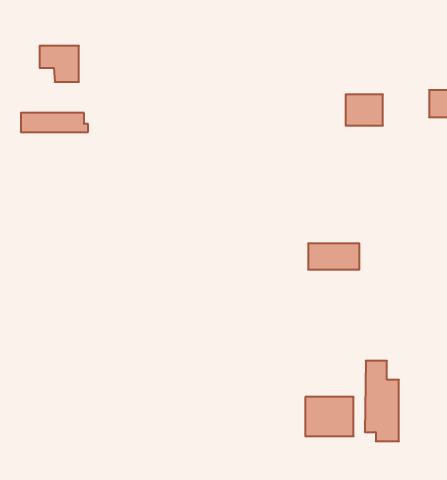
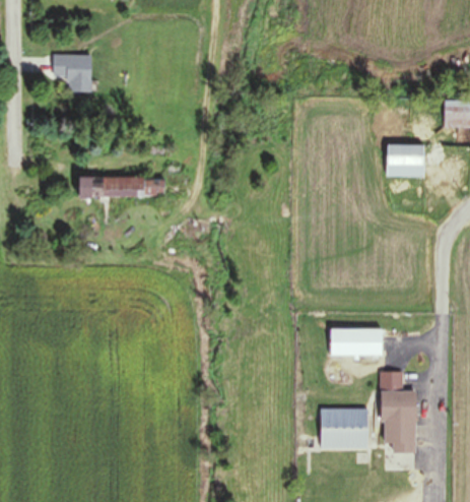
building: [346,94,383,126] -> [387,143,424,175]
building: [21,113,88,132] -> [80,177,148,196]
building: [308,243,359,270] -> [330,329,382,356]

